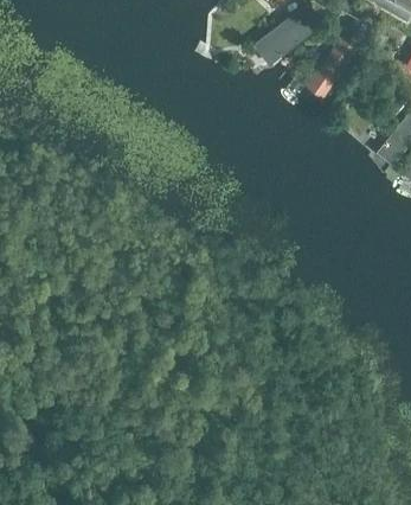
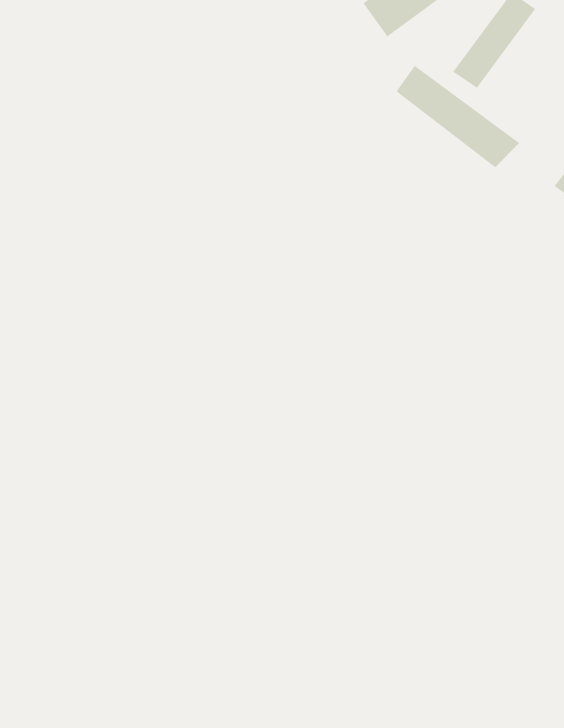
building: none -> [396,65,520,168]

